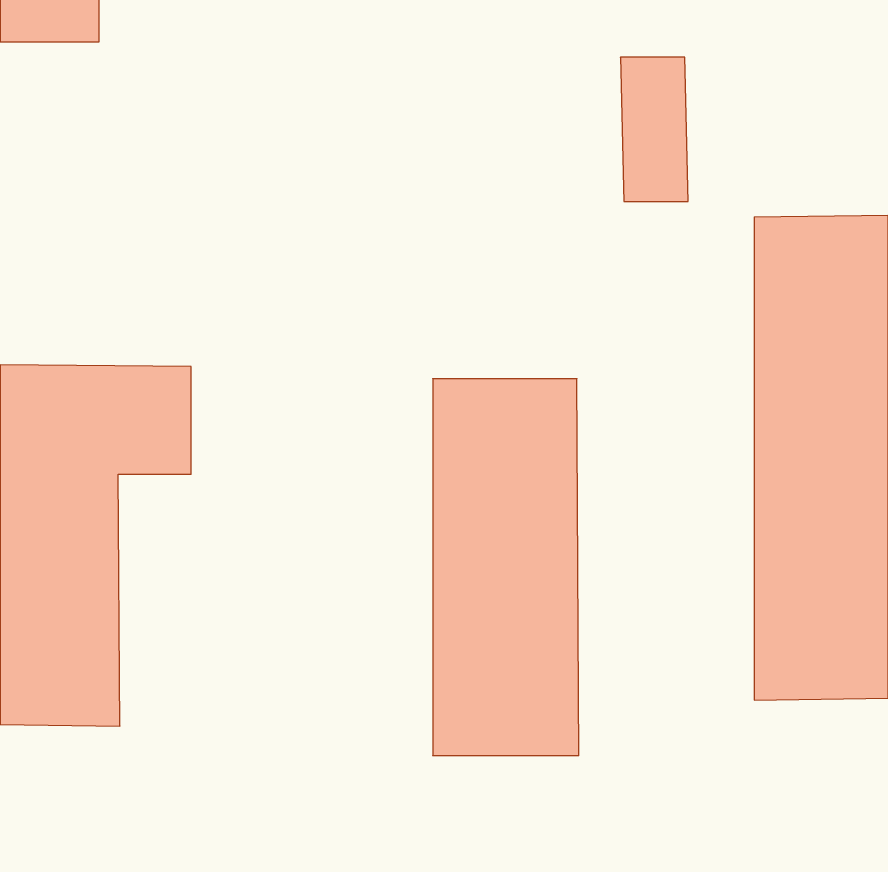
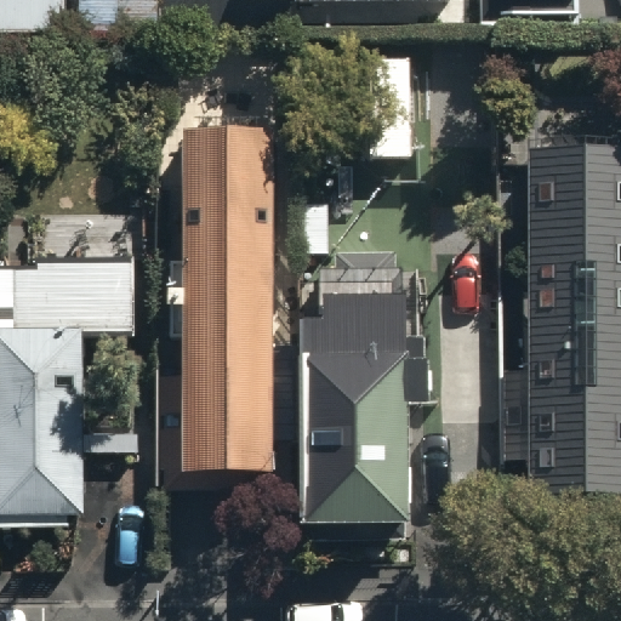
building: none -> [188,144,275,472]

